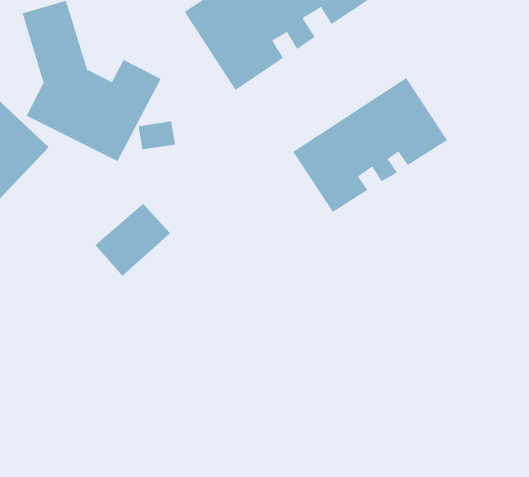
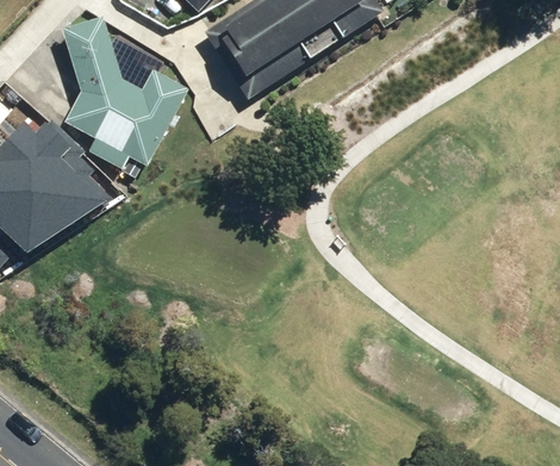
building: [293,77,448,213] -> none
building: [94,203,171,277] -> [50,162,119,229]

